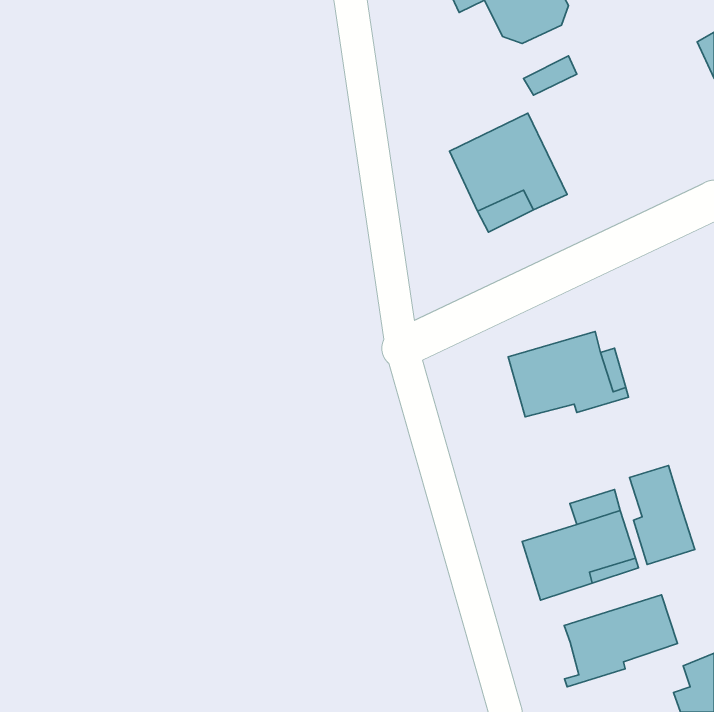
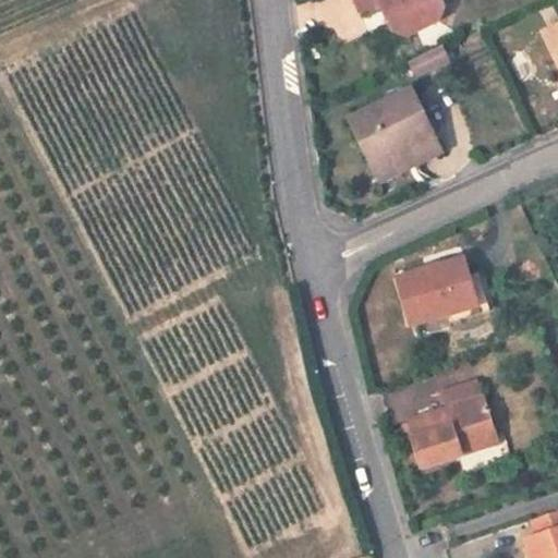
building: [630,466,695,565] -> none
building: [564,595,678,687] -> none

